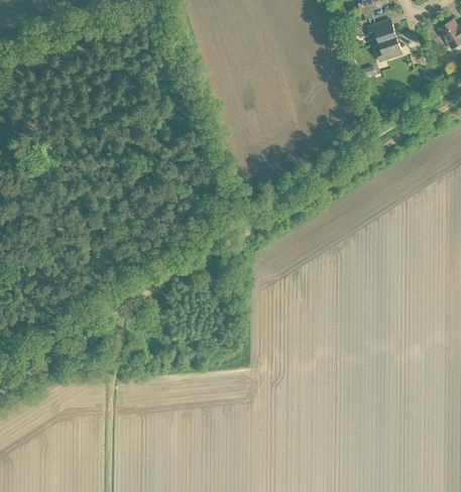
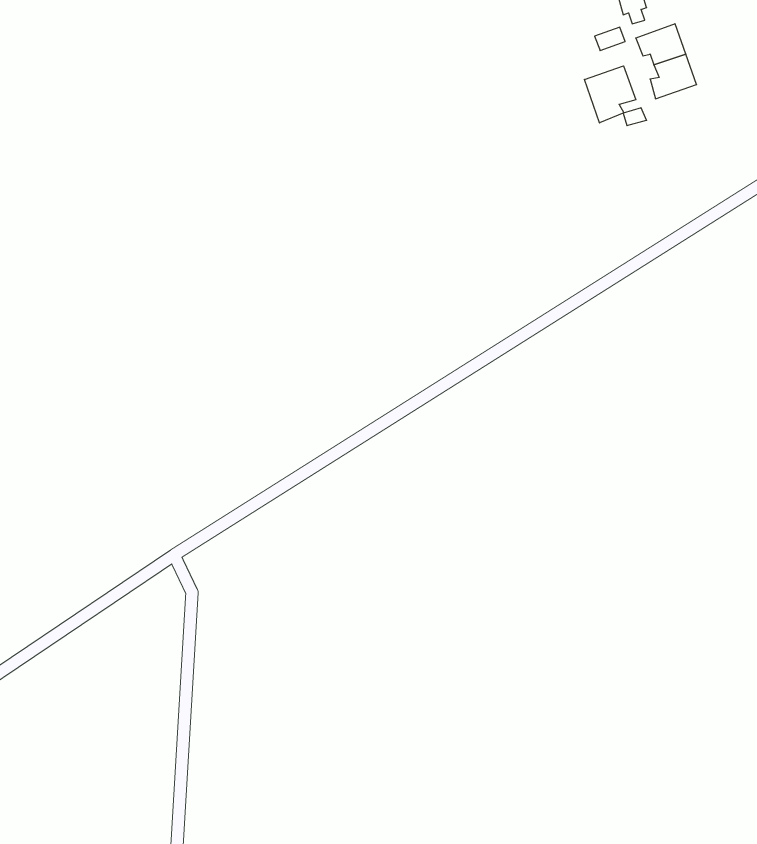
building: none -> [584,66,636,123]

